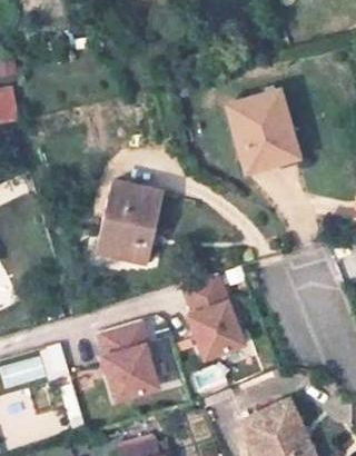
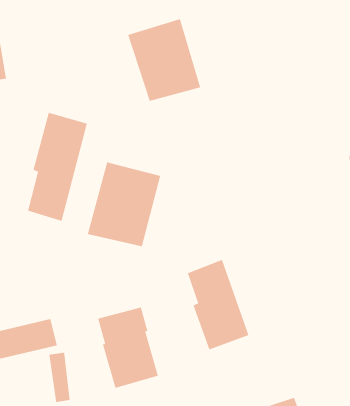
building: [230,88,301,168] -> [127,18,201,102]
building: none -> [27,112,88,222]

